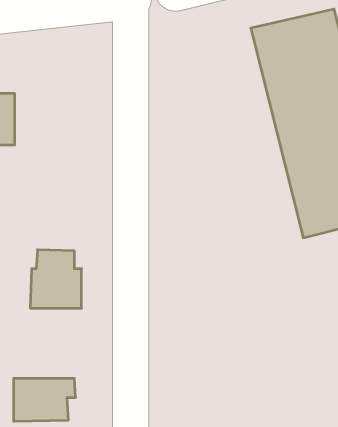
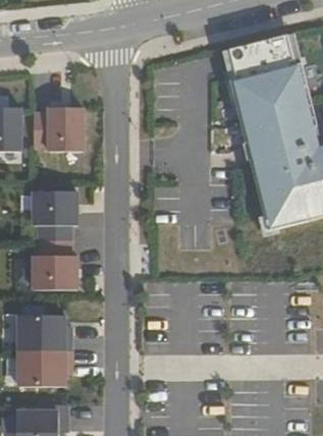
building: none -> [34,107,84,151]
building: none -> [34,192,77,241]
building: none -> [18,315,71,350]

